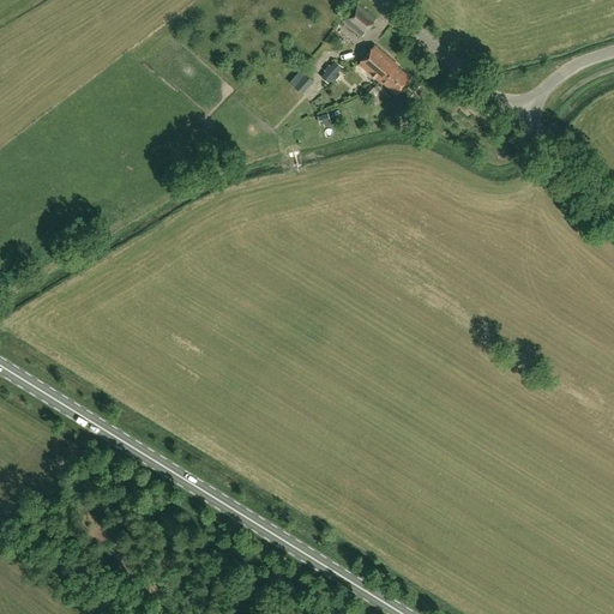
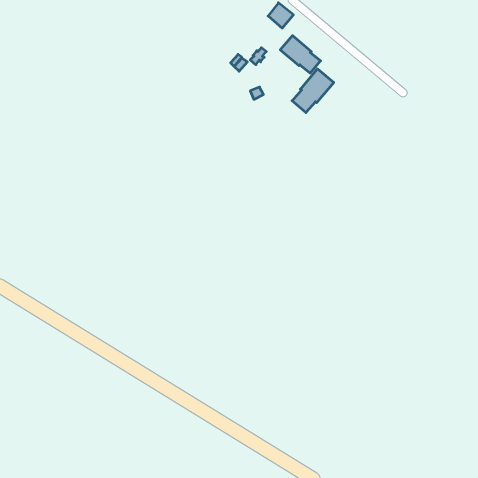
building: none -> [292,69,334,113]

